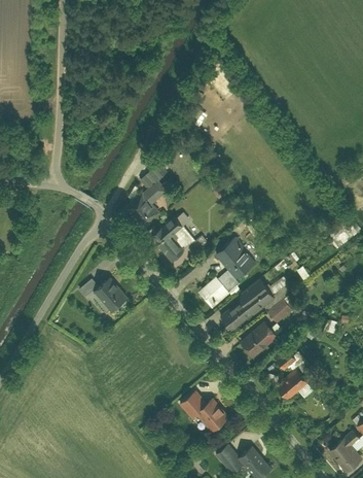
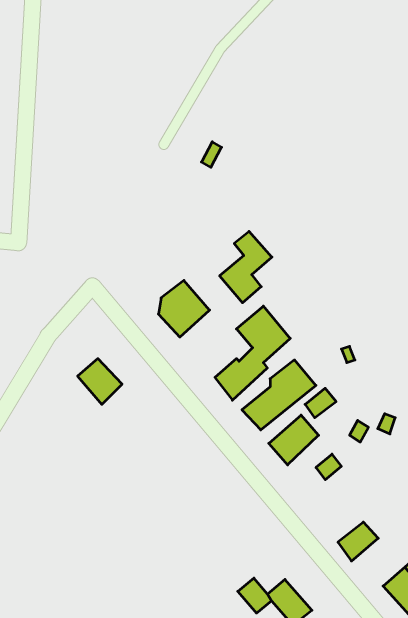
building: [129,170,169,225] -> [220,231,272,303]
building: [278,370,308,400] -> [338,522,378,561]
building: [174,392,230,433] -> none

